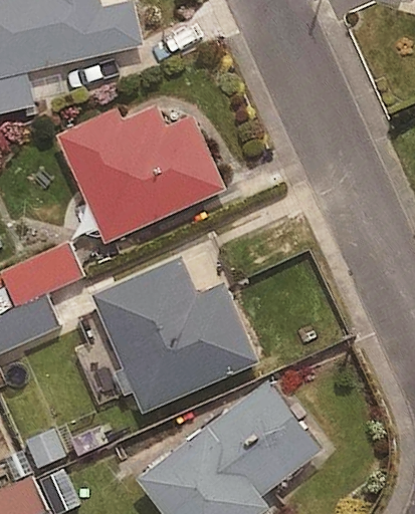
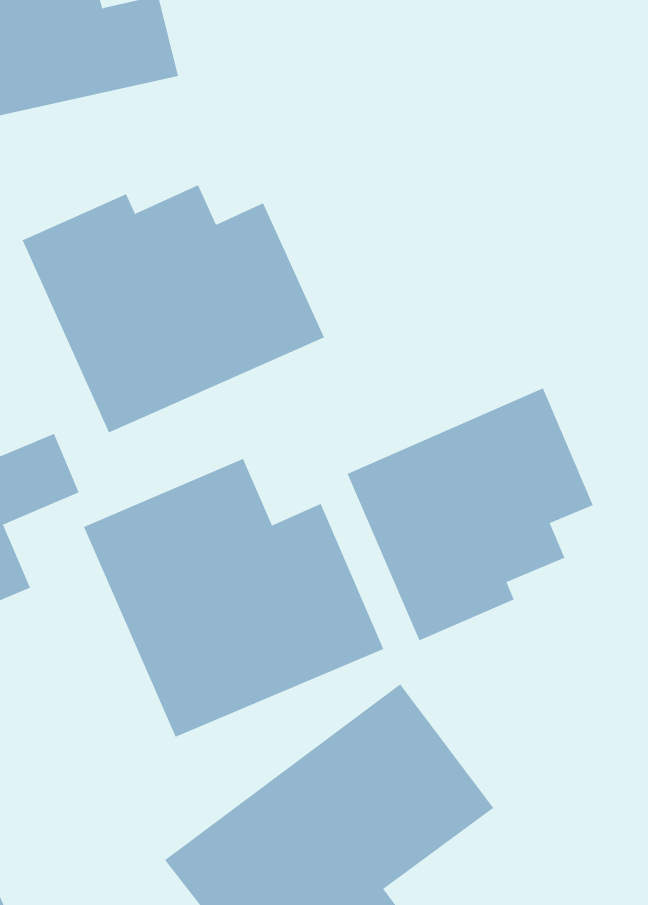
building: none -> [347,387,593,641]

